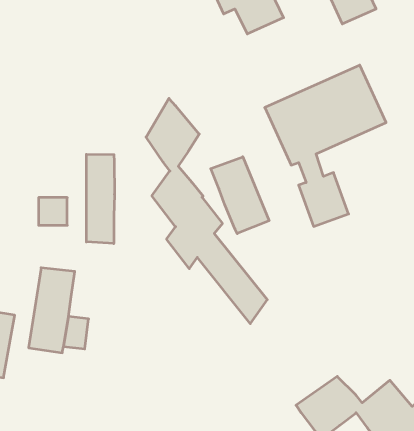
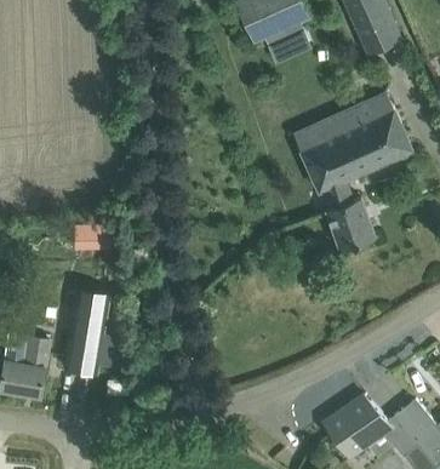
building: [146,98,267,324] -> none
building: [86,154,114,244] -> none
building: [211,157,269,234] -> none

